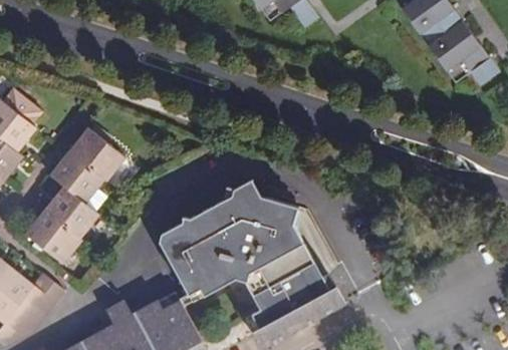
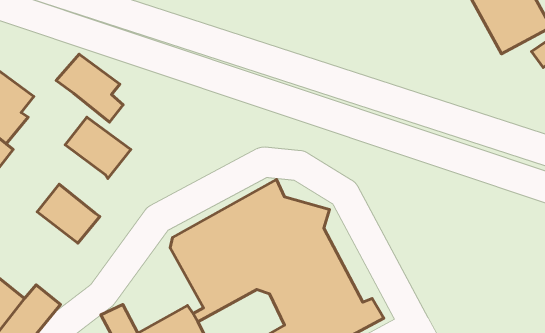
building: [47,151,105,211] -> [56,54,123,122]
building: [23,210,80,264] -> none

